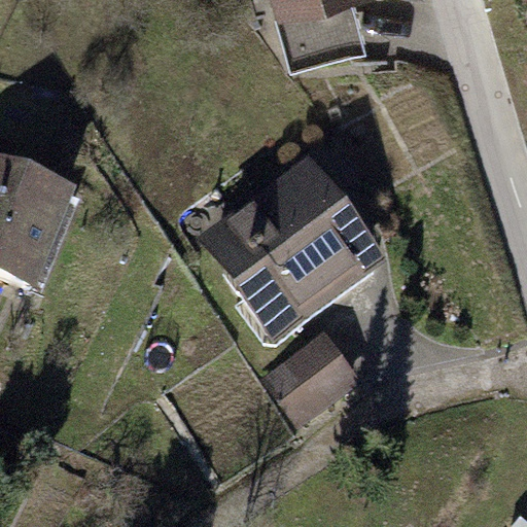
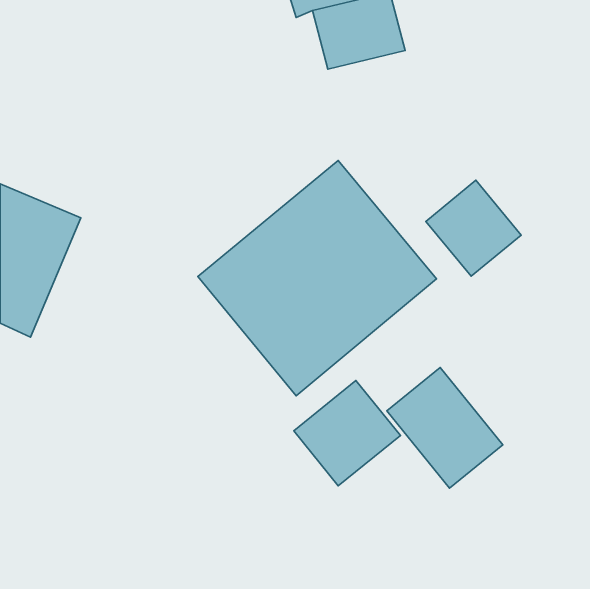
building: none -> [426,180,521,276]
building: none -> [387,367,503,488]

